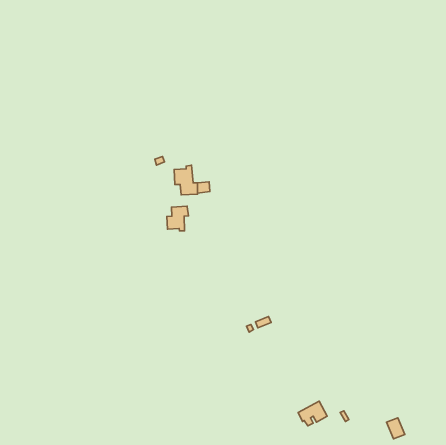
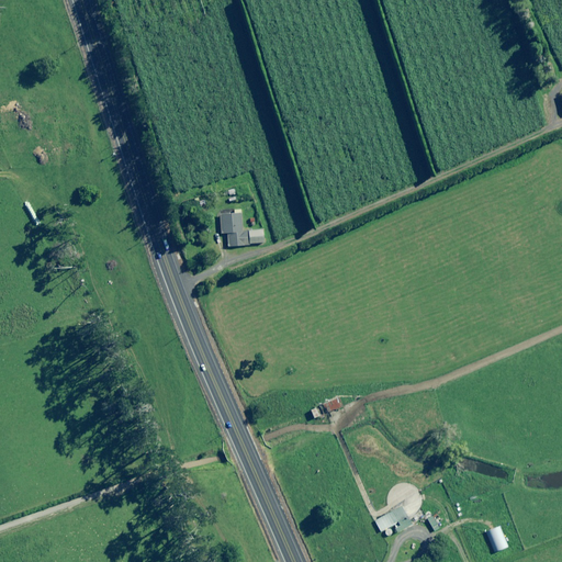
building: [167,206,188,231] -> none

